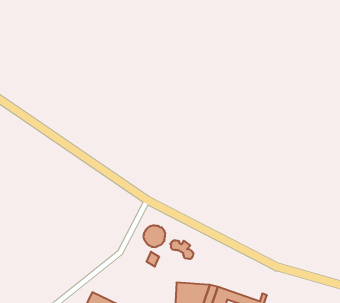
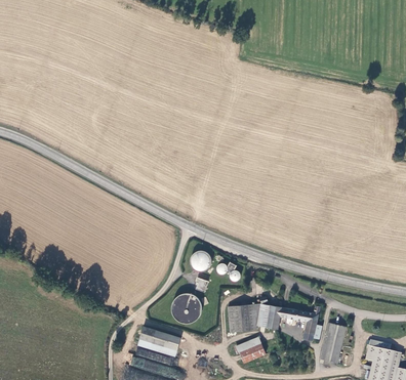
building: none -> [170,294,201,325]

